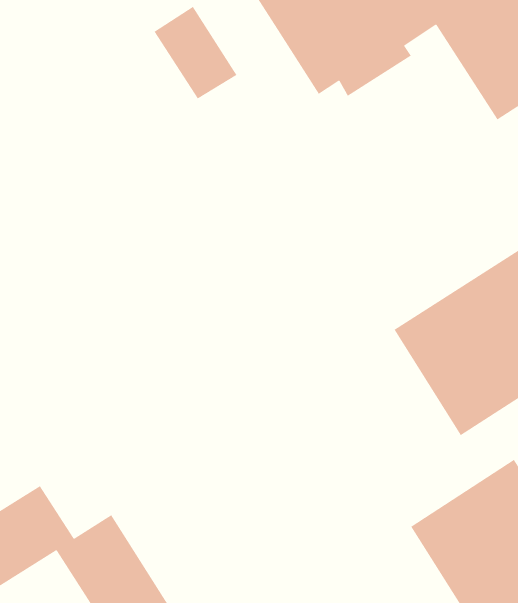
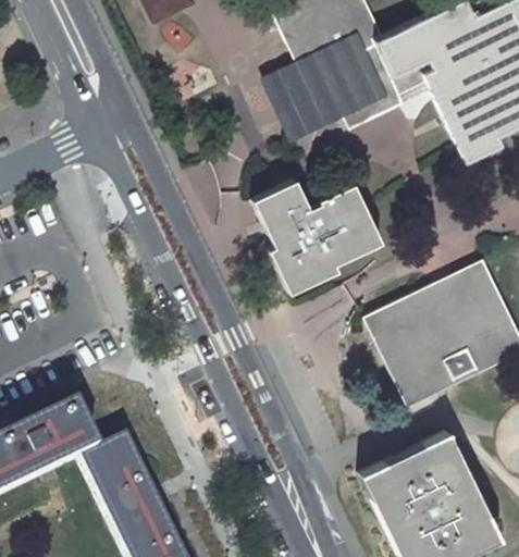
building: [153,6,238,99] -> [267,66,329,140]
building: none -> [252,178,382,293]

